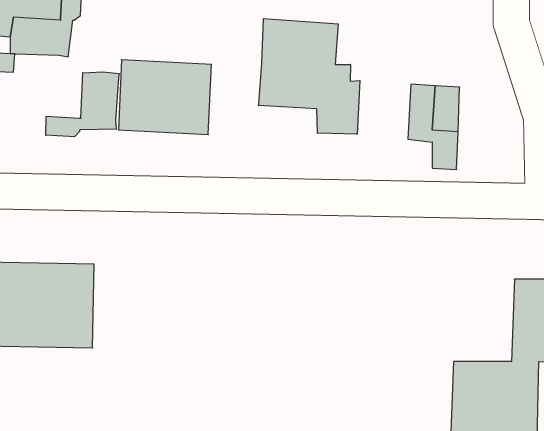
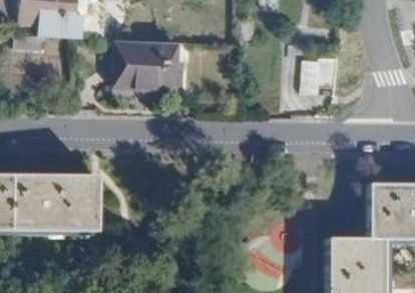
building: [259,19,360,134] -> none
building: [46,72,119,137] -> none

